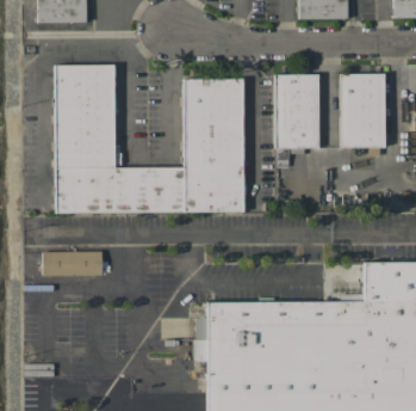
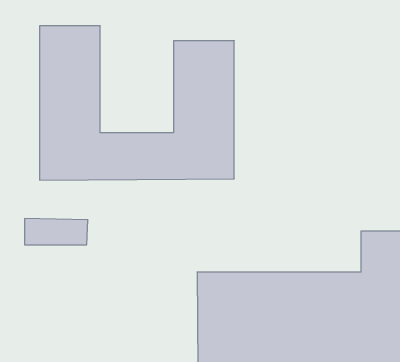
building: [341,74,384,148] -> none
building: [275,75,319,149] -> none

